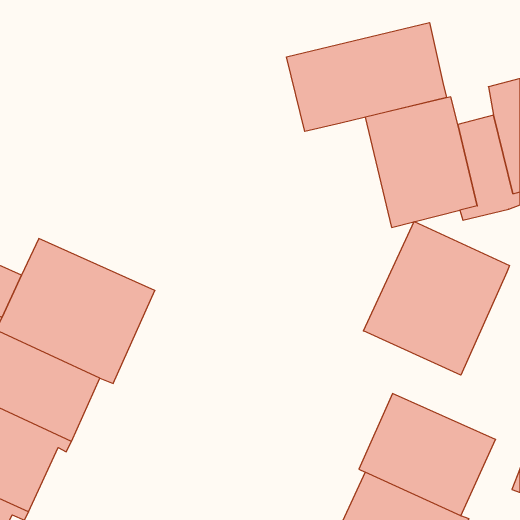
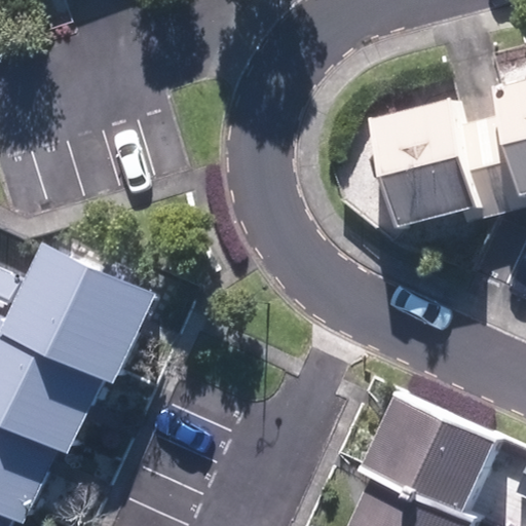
building: [287,23,447,131] -> none
building: [363,222,509,375] -> none

